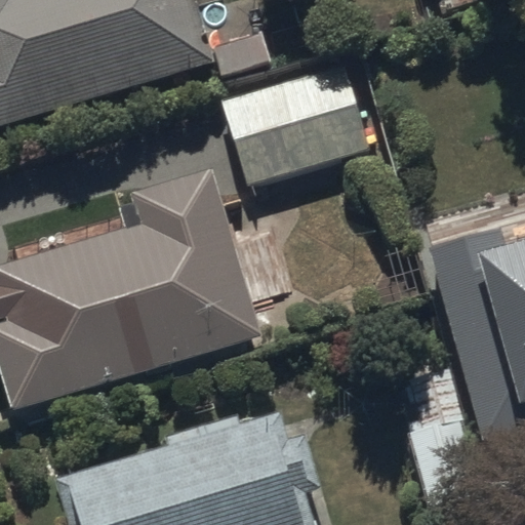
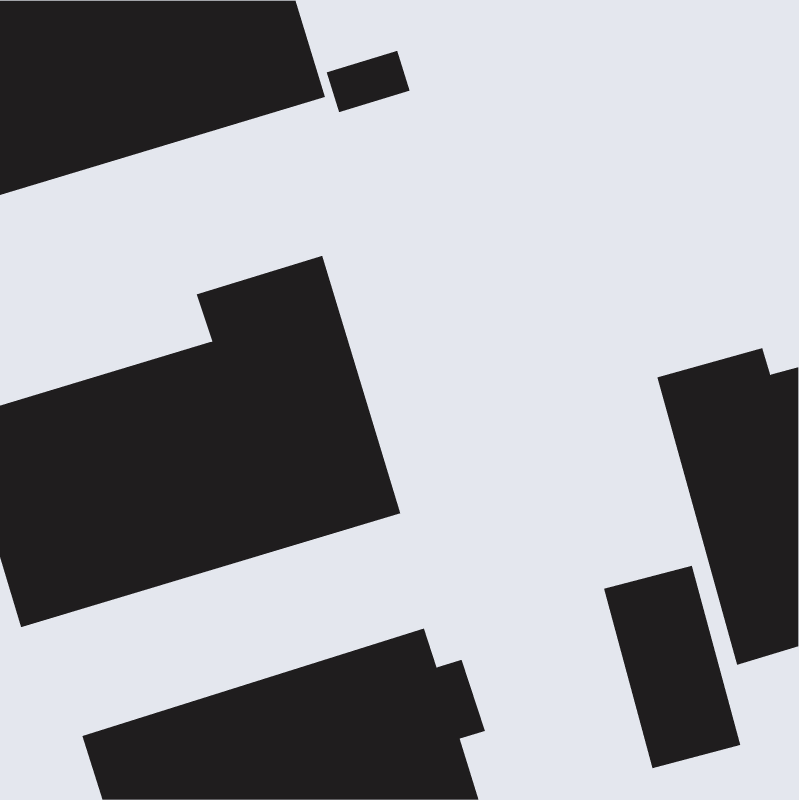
building: [224,65,367,184] -> none

